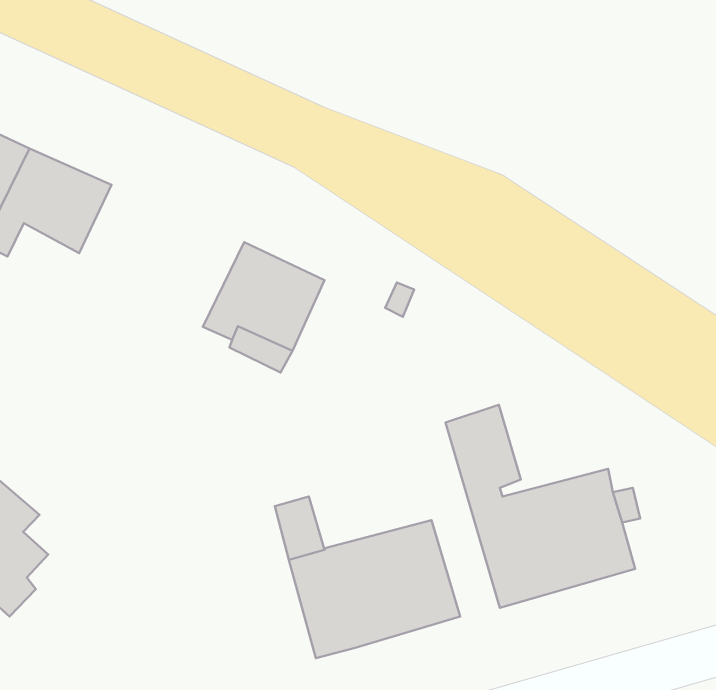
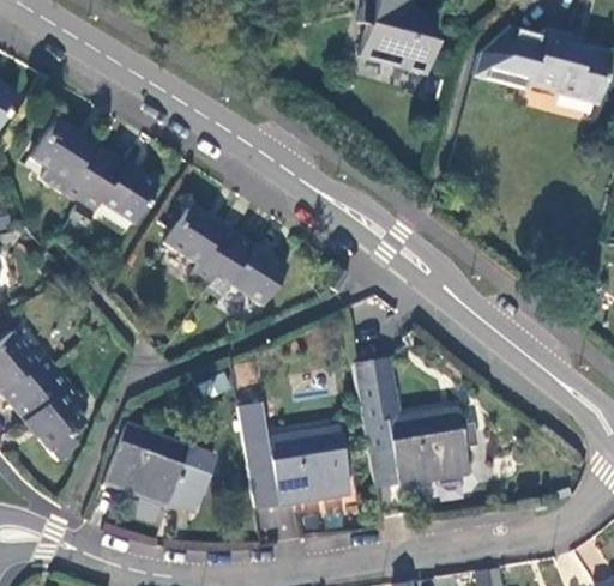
building: none -> [164,204,239,284]
building: none -> [106,424,213,512]

